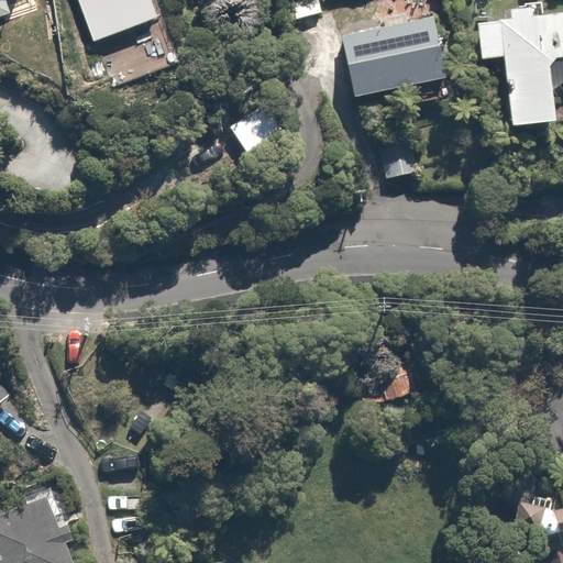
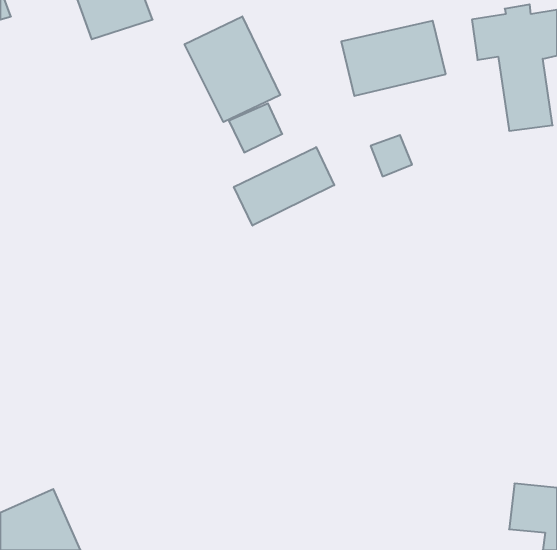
building: none -> [185,16,280,122]
building: none -> [234,147,334,226]

